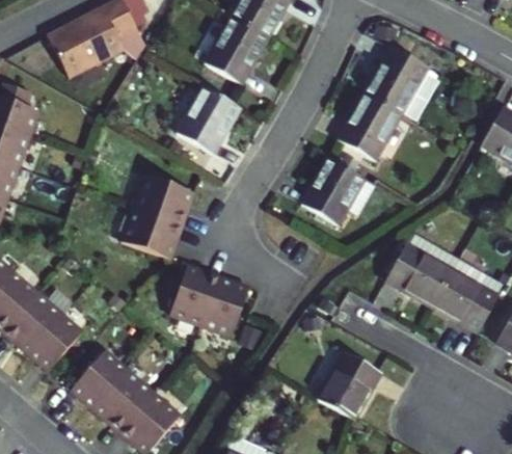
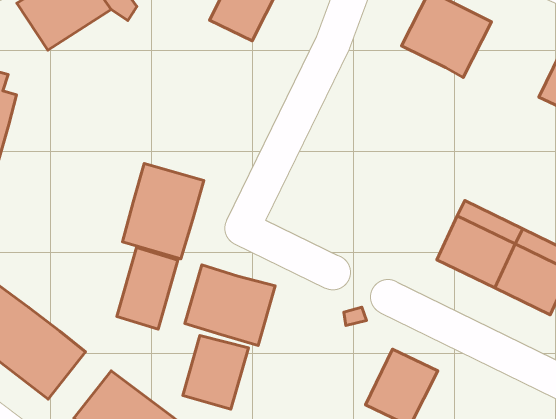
building: [178,85,240,152] -> none
building: [342,94,404,158] -> none
building: [303,157,377,223] -> none
building: none -> [117,247,178,329]
building: none -> [183,335,249,409]

